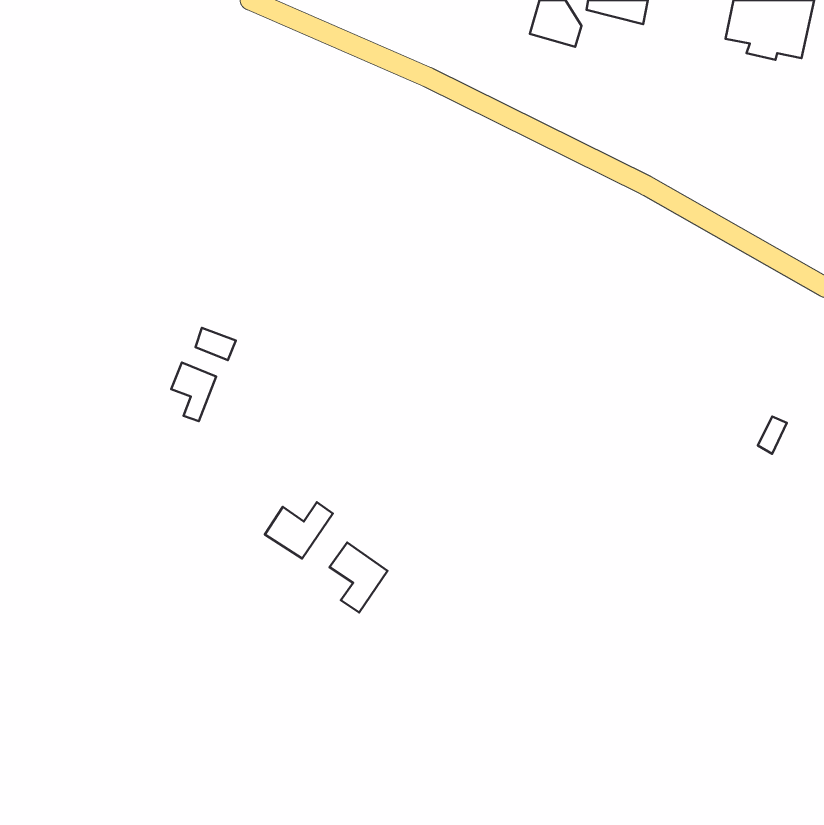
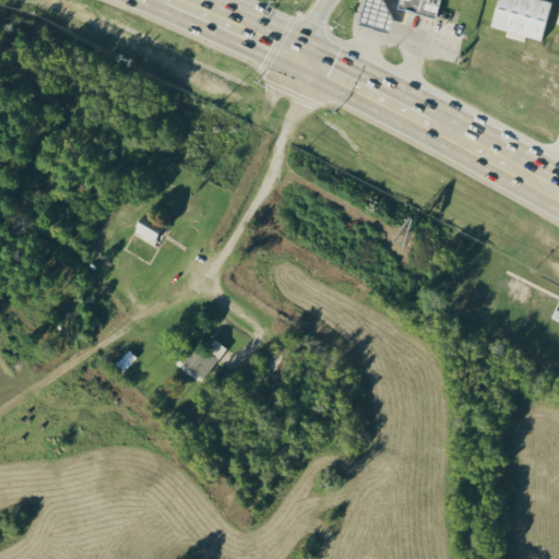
building: [171,363,216,421] -> none
building: [330,543,387,612] -> none

